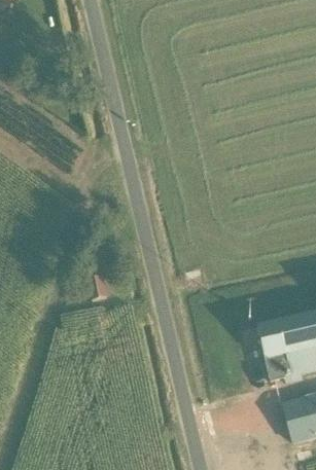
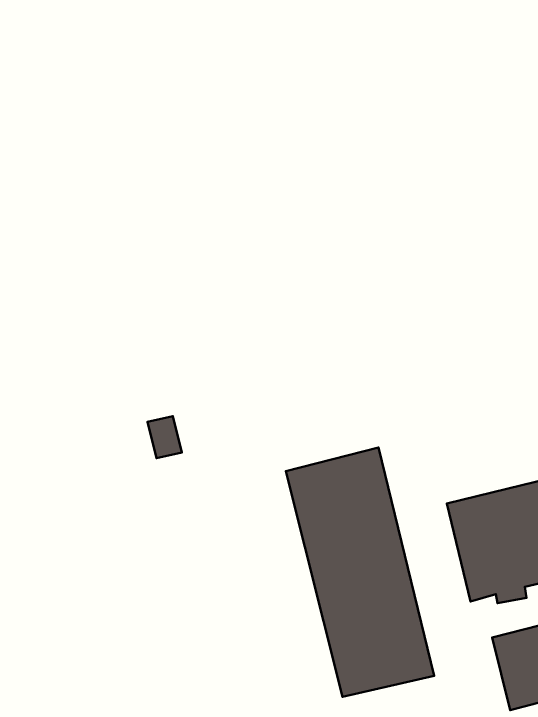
building: none -> [286,447,434,697]

